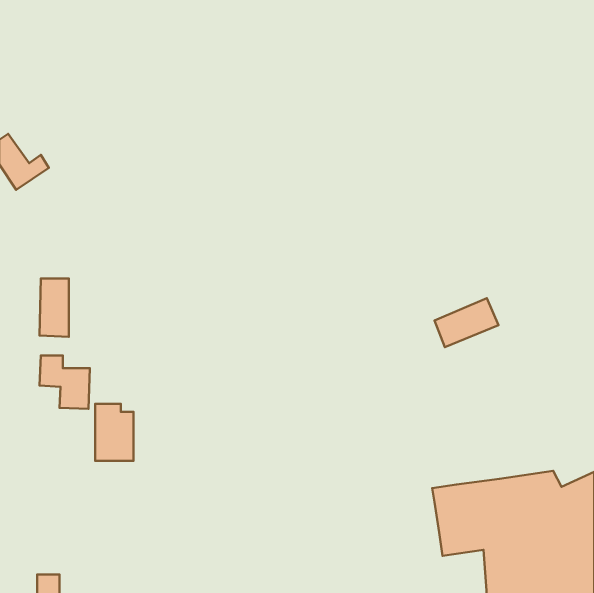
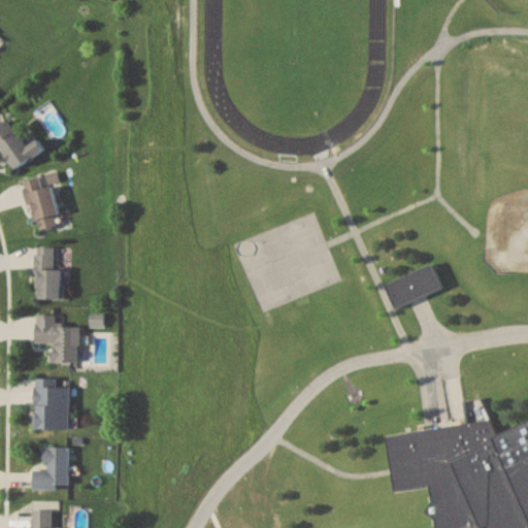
building: none -> [23,175,61,232]
building: [95,404,134,461] -> [35,380,69,430]
building: none -> [33,449,69,490]

